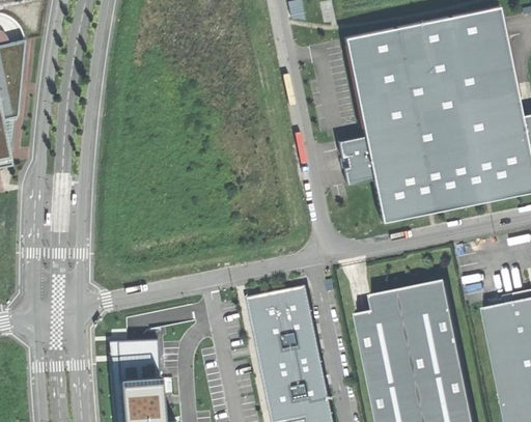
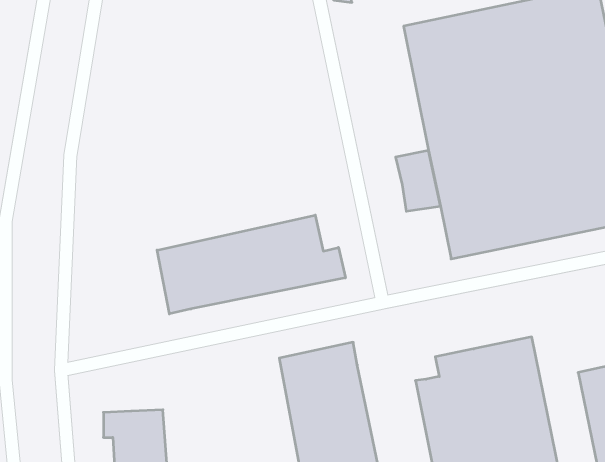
building: none -> [157,215,345,314]

